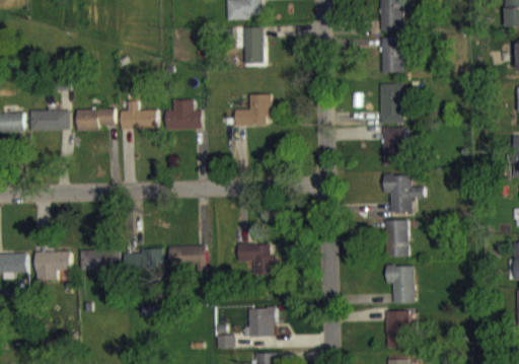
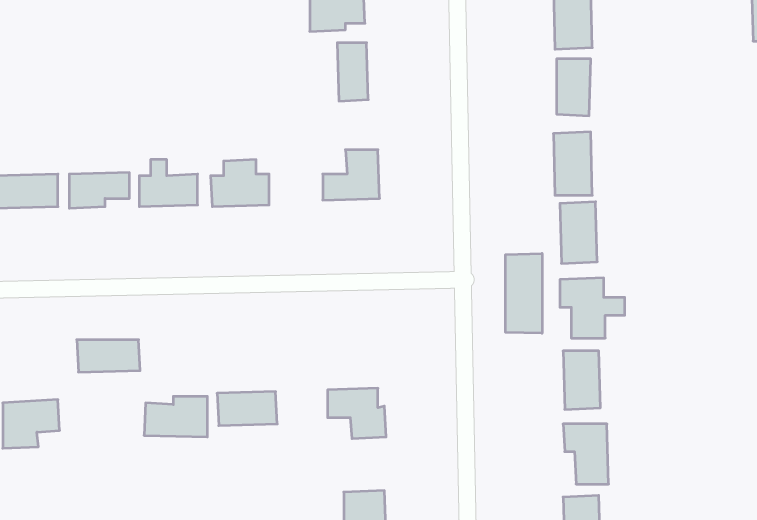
building: none -> [506,253,542,333]
building: [80,249,120,270] -> [77,340,140,372]

